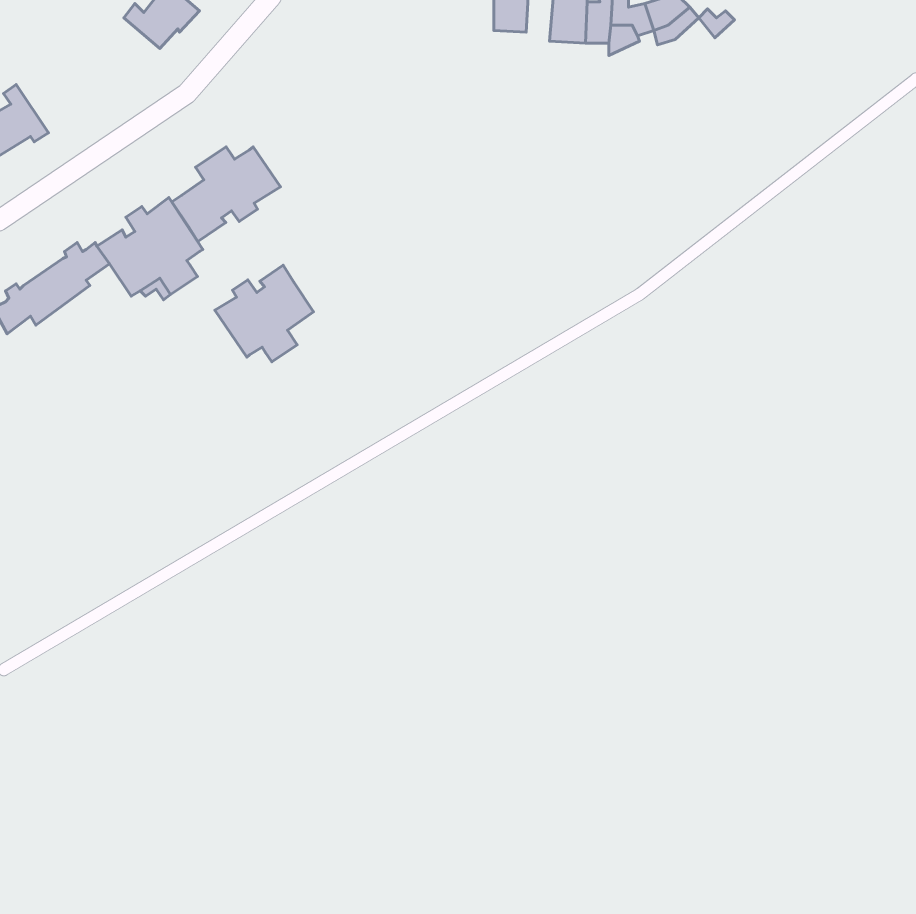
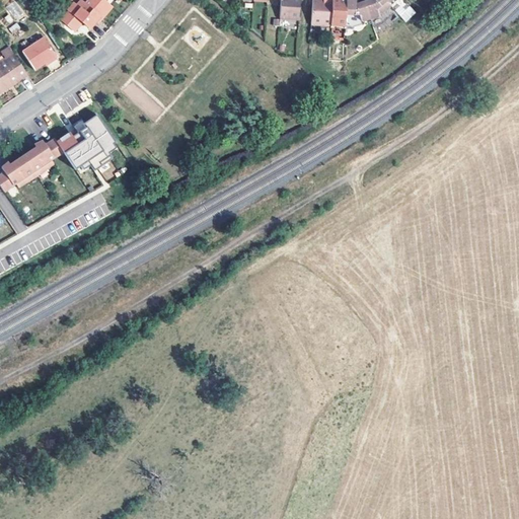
building: none -> [23,38,56,69]
building: [172,147,280,242] -> none
building: [215,265,313,362] -> none

